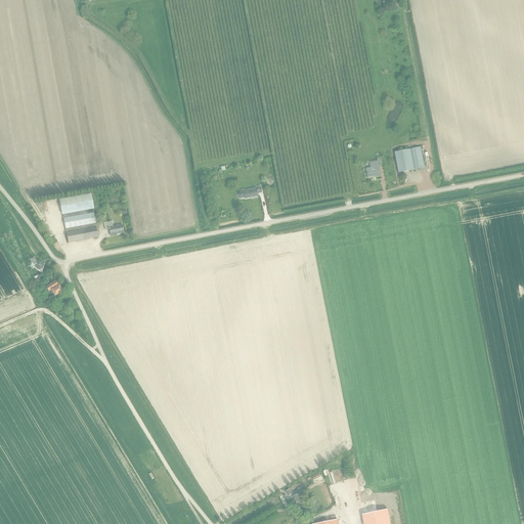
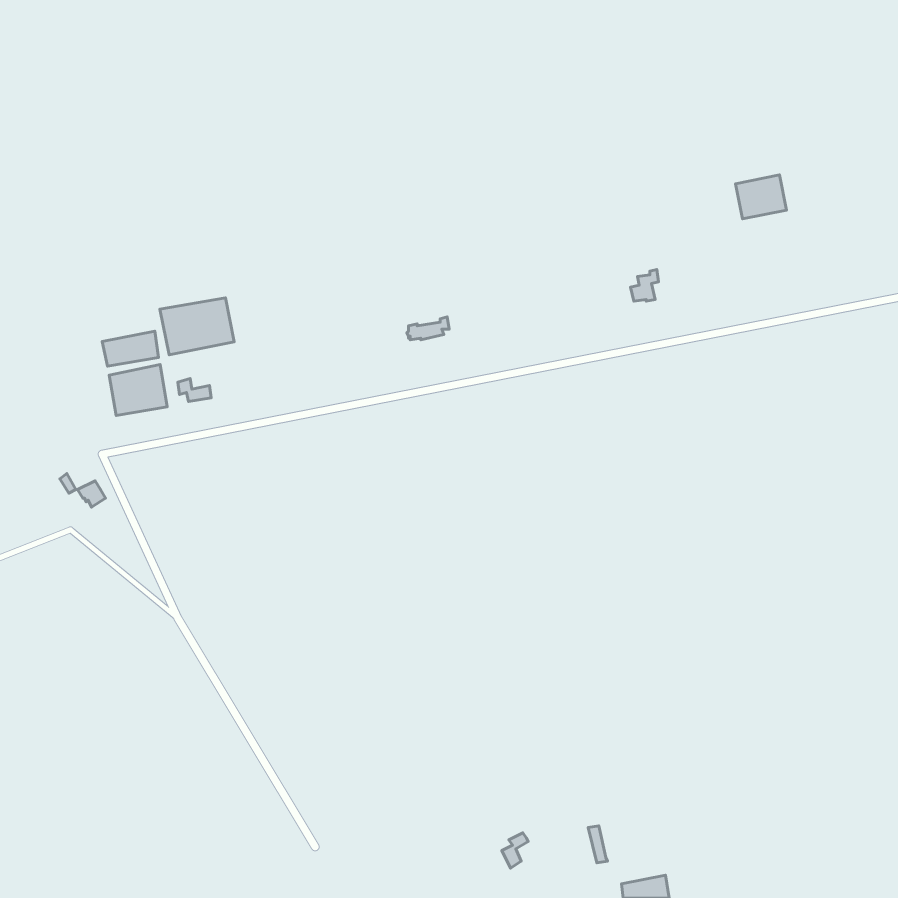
building: [394,146,424,172] -> [735,175,786,219]
building: none -> [160,298,234,355]

